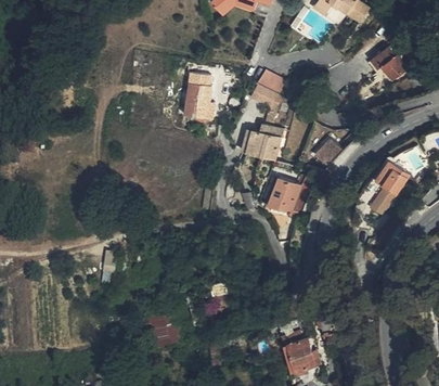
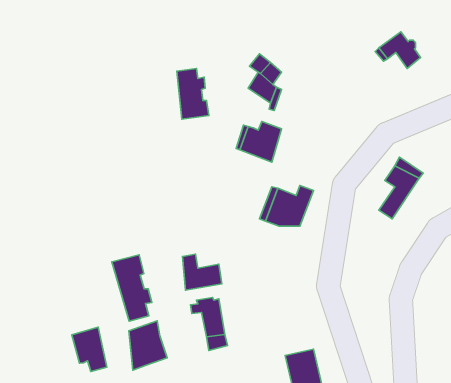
building: [313,137,347,165] -> none
building: none -> [182,254,222,290]
building: none -> [112,255,152,321]
building: none -> [72,327,107,371]

